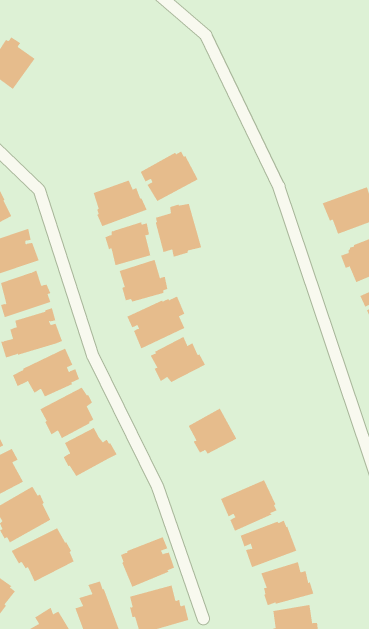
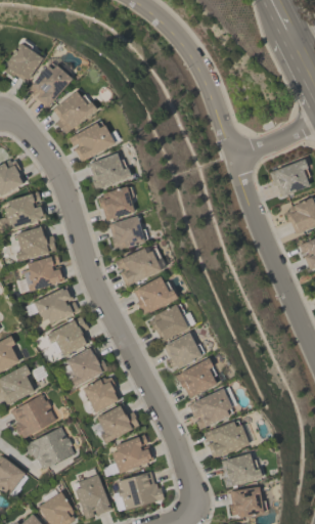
building: none -> [28,62,73,107]
building: none -> [53,91,97,134]
building: [140,151,199,202] -> [70,122,116,162]
building: [155,203,202,257] -> none
building: none -> [149,304,195,342]
building: none -> [176,359,218,399]
building: none -> [83,377,121,412]
building: none -> [97,403,139,444]

